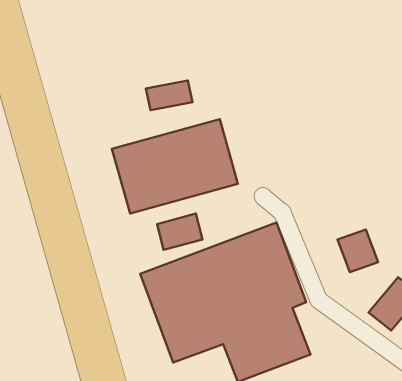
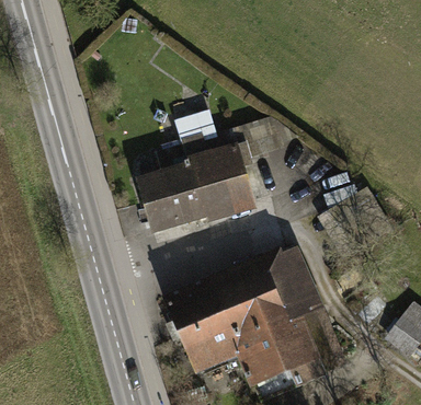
building: [157,214,202,250] -> none
building: [338,229,378,272] -> none

